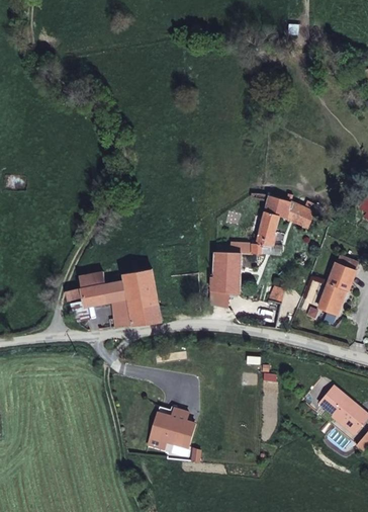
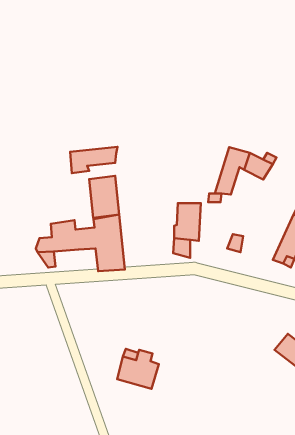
building: none -> [70,147,117,173]
building: none -> [89,176,119,218]
building: [108,301,129,327] -> none

